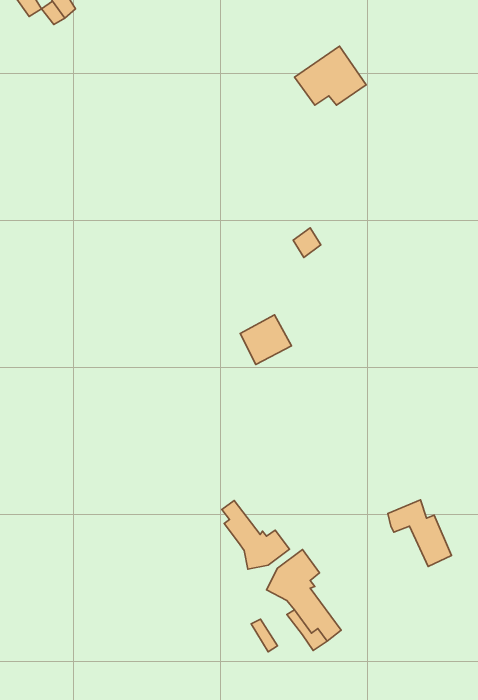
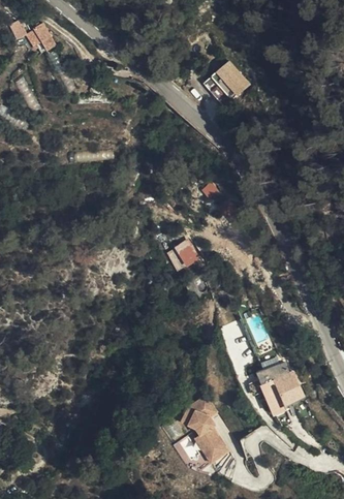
building: [222,500,289,569] -> none
building: none -> [254,380,292,416]

